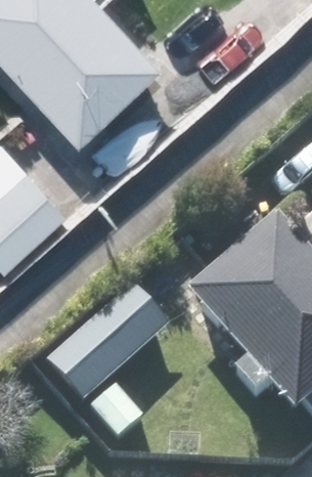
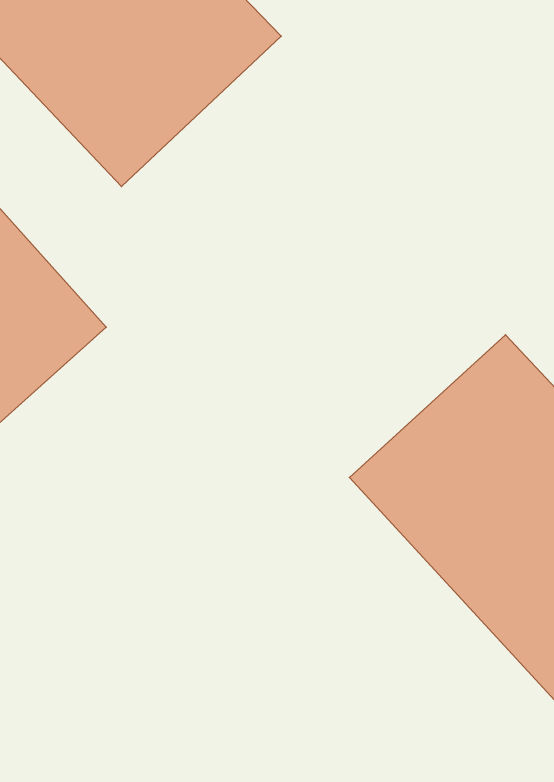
building: [47,289,174,447] -> none

